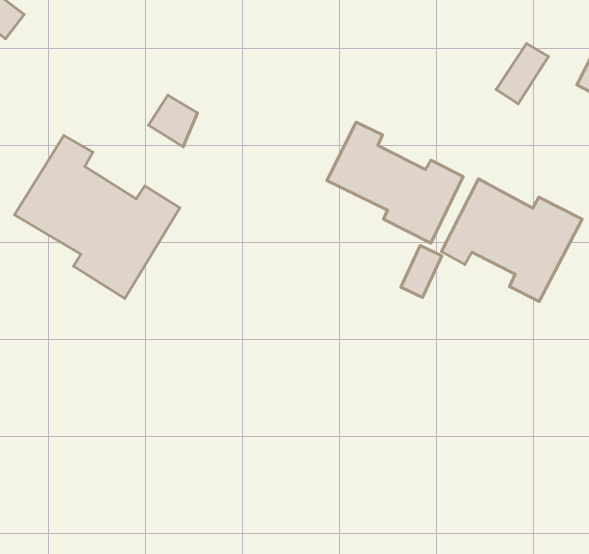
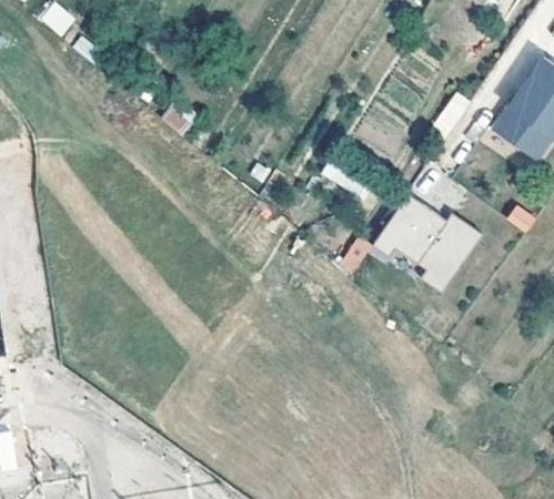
building: [327,122,463,243] -> none
building: [15,136,180,298] -> none

